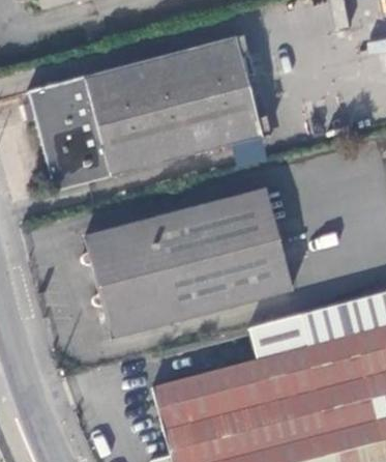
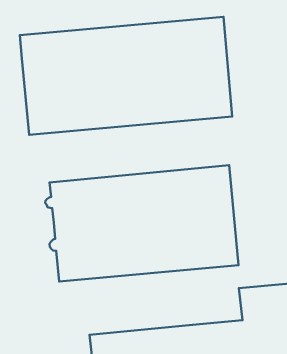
building: [249,313,308,358] -> none

